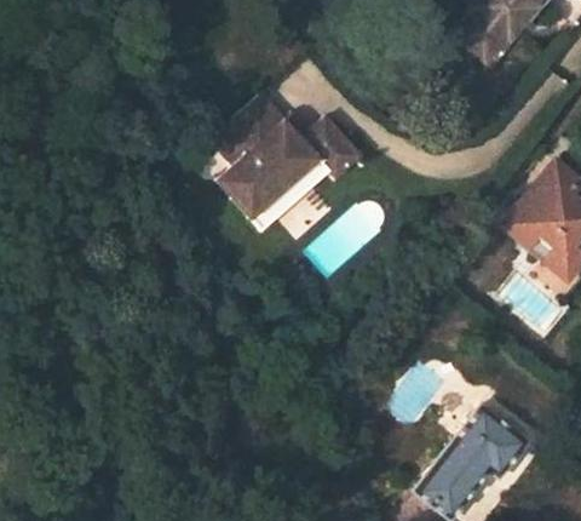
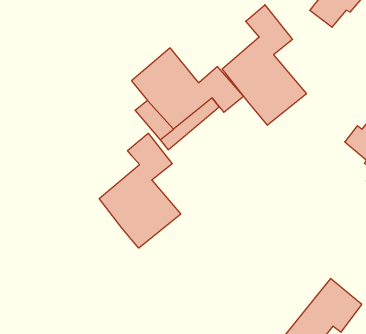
building: none -> [222,5,306,125]
building: none -> [99,133,181,248]

